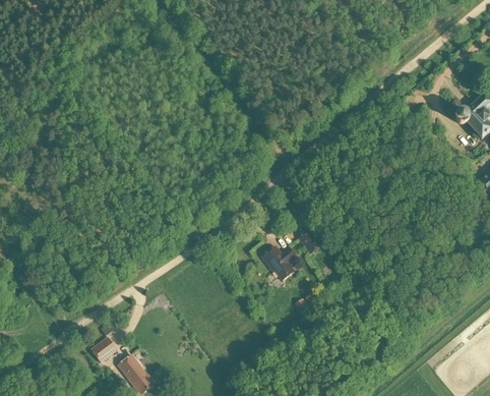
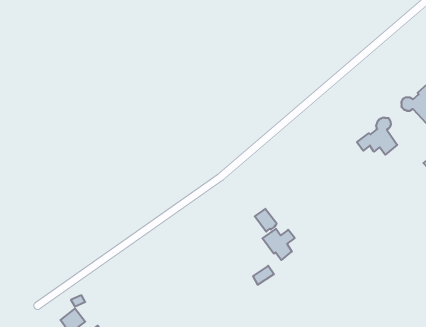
building: none -> [357,118,397,155]
building: [261,246,296,280] -> [262,229,295,260]

